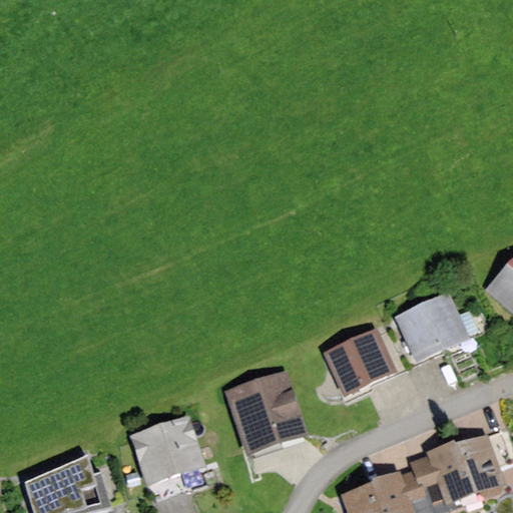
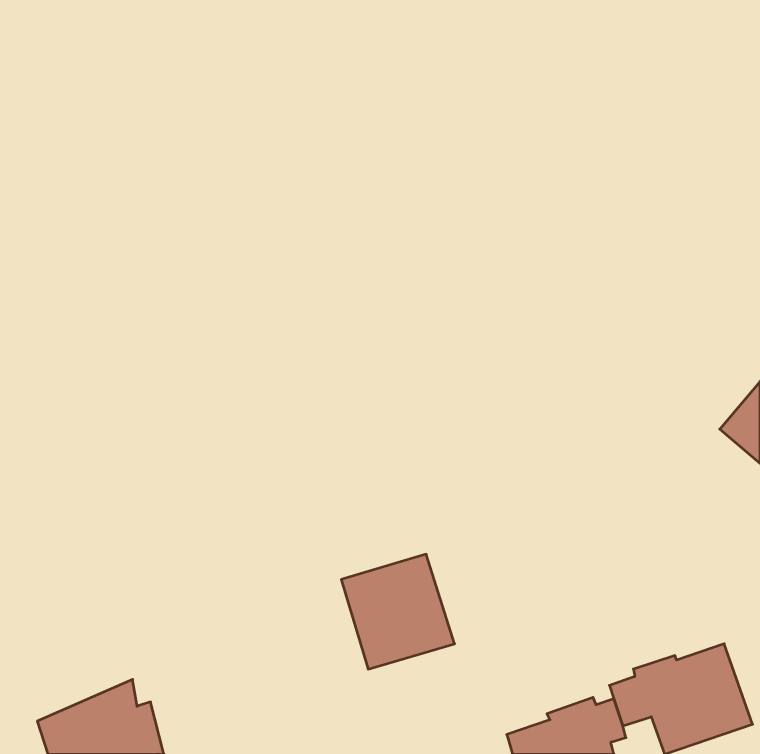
building: [396,292,470,364] -> none
building: [327,330,396,394] -> none
building: [131,416,204,485] -> none

